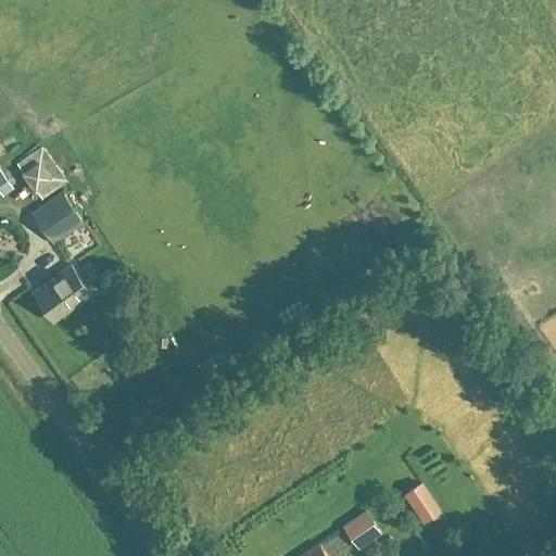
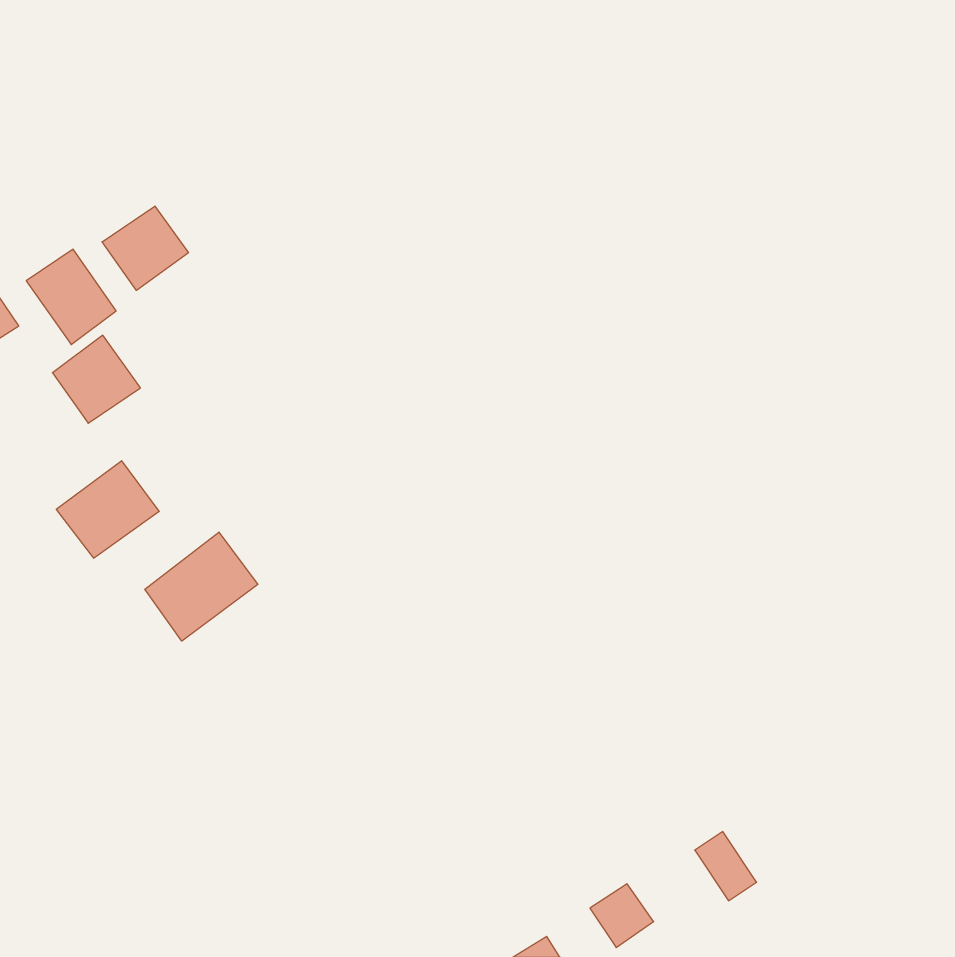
building: none -> [102,206,188,290]
building: none -> [145,532,258,641]

